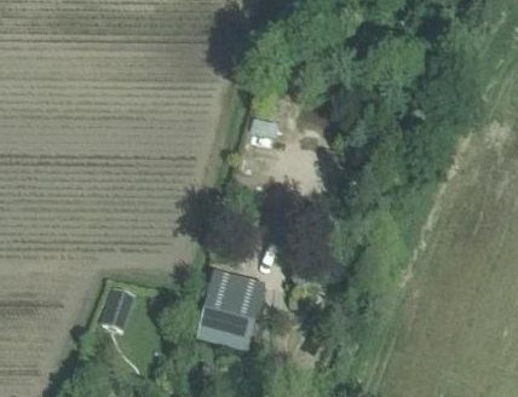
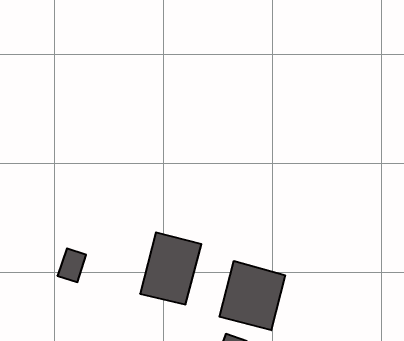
building: none -> [219,261,285,330]

